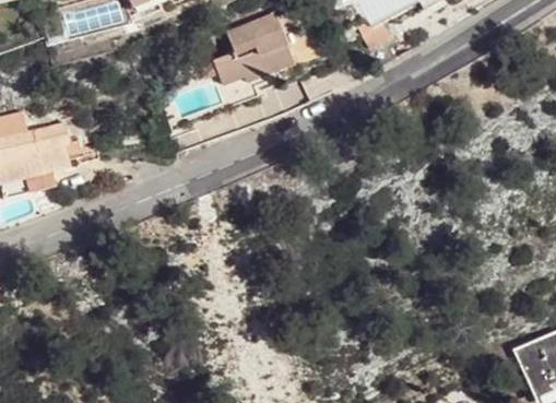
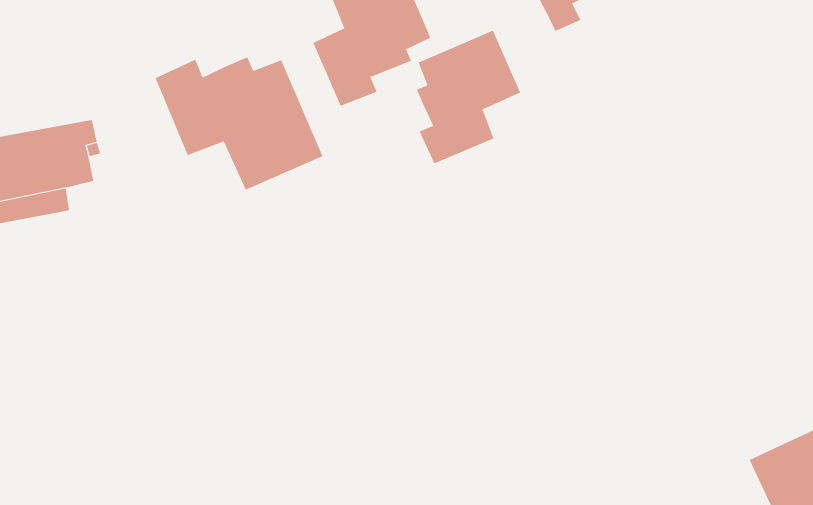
building: none -> [416,30,521,164]
building: none -> [155,56,323,191]

